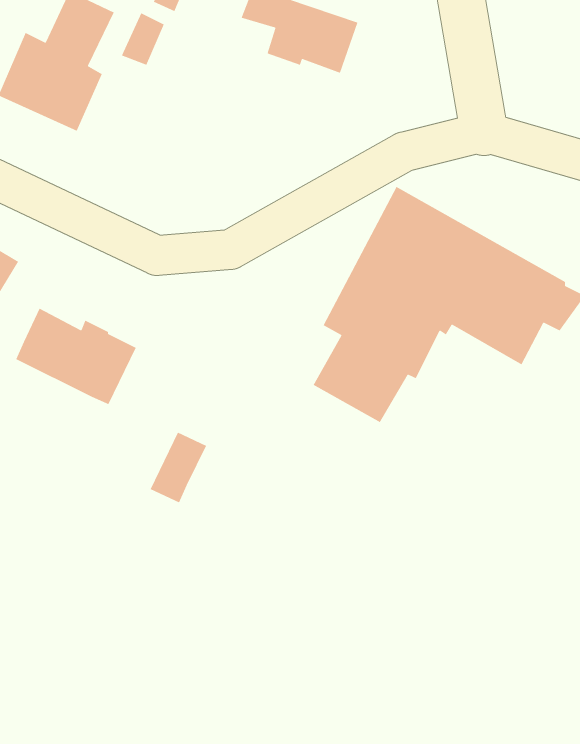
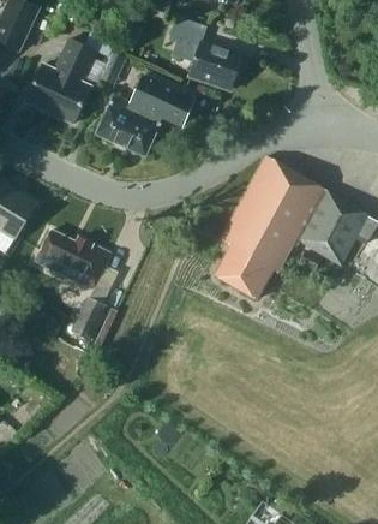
building: none -> [95,76,193,156]
building: [149,432,207,503] -> [70,297,104,340]

